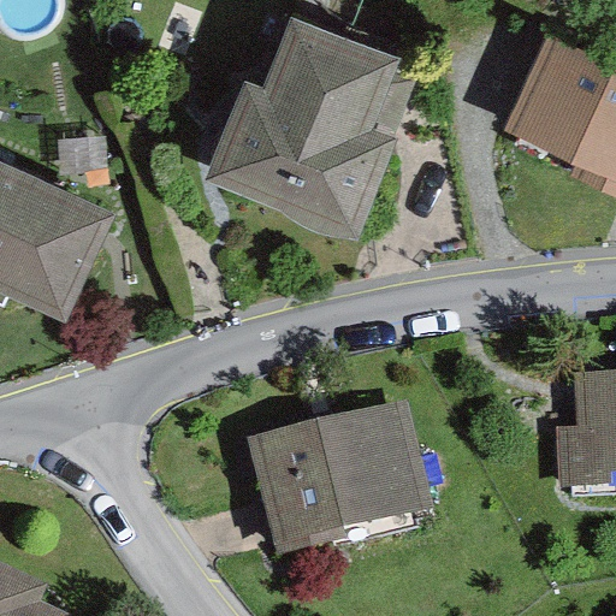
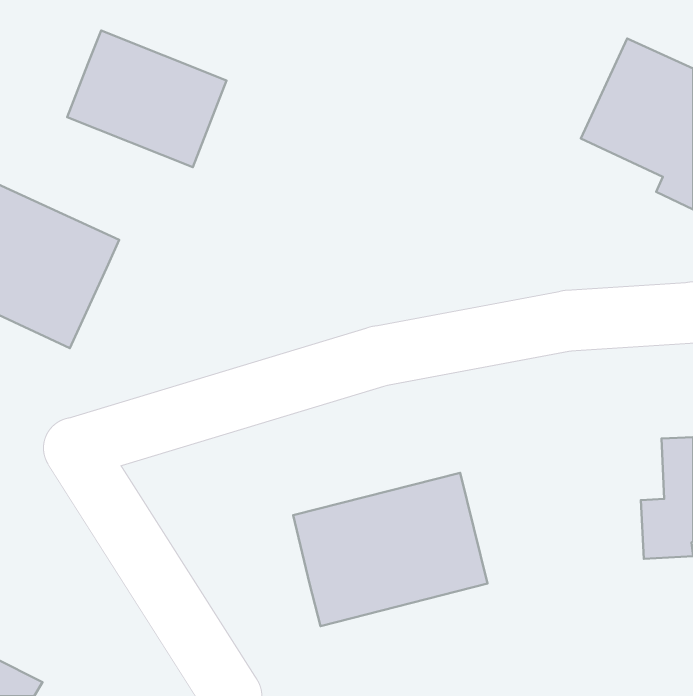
building: [218,19,390,221] -> none
building: none -> [67,31,227,167]

